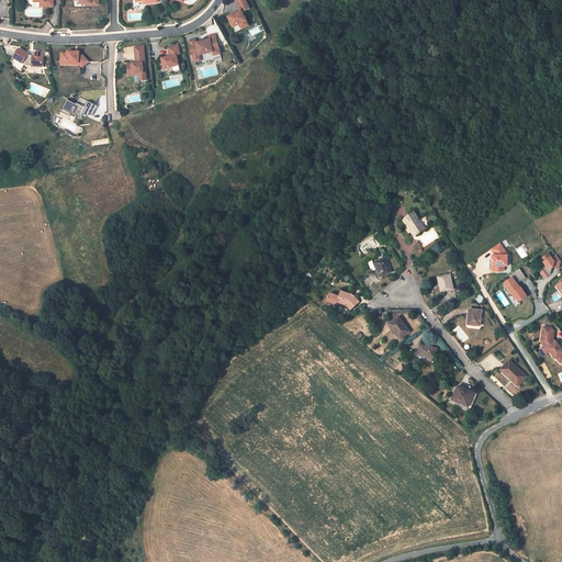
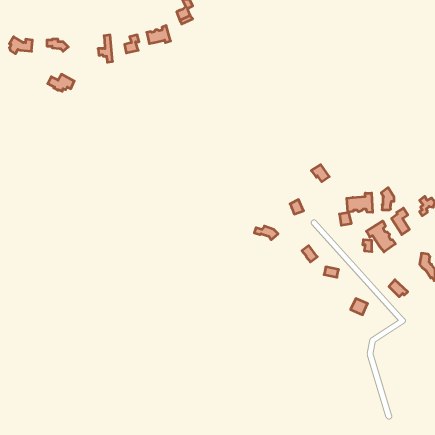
building: none -> [347,193,373,212]
building: none -> [366,221,395,252]

